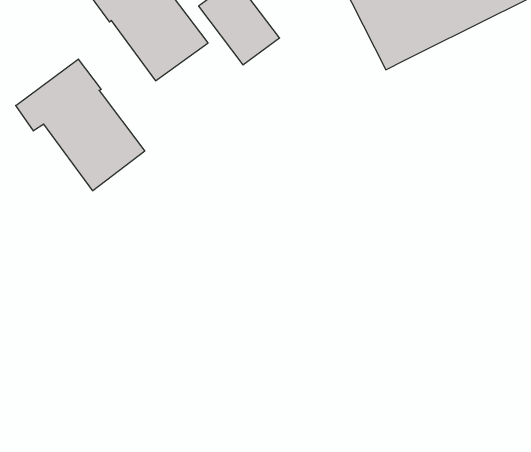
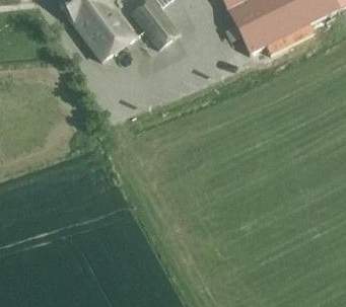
building: [16,59,145,191] -> none

